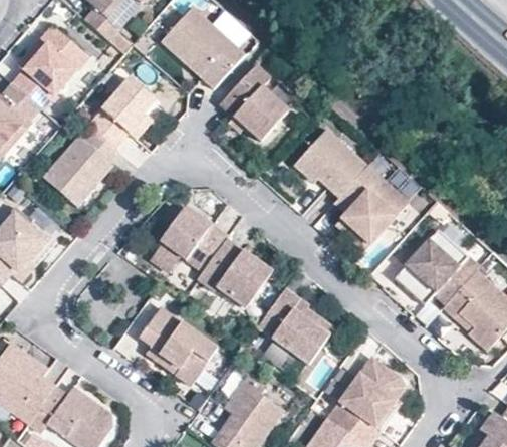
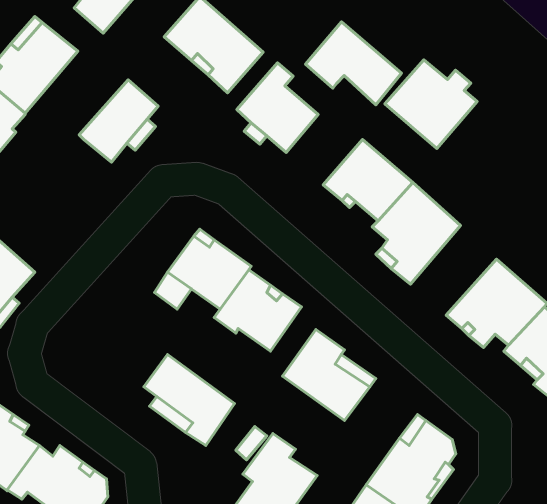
building: none -> [305,22,401,105]
building: none -> [385,60,477,148]
building: [42,128,117,206] -> none

